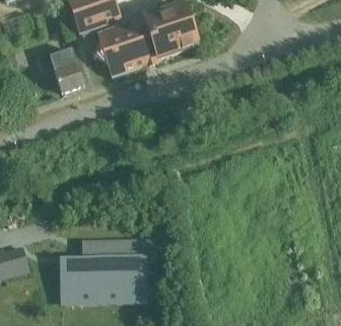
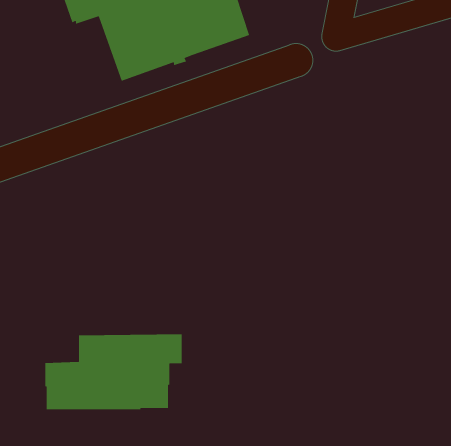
building: [48,50,82,92] -> none

